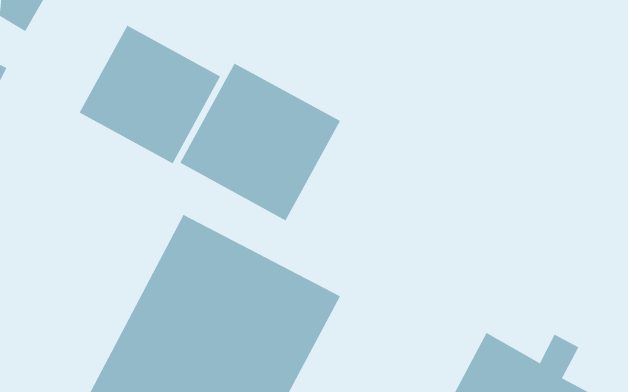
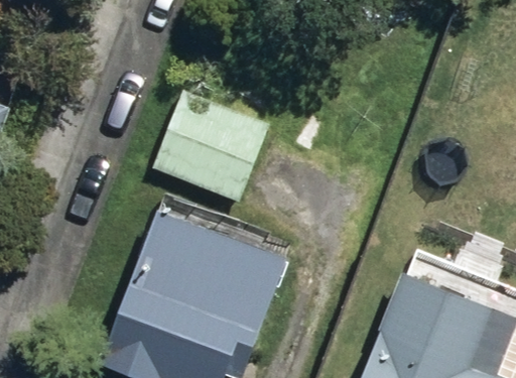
building: [79,25,221,164] -> none

